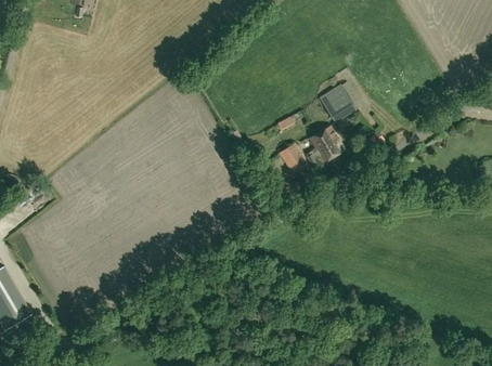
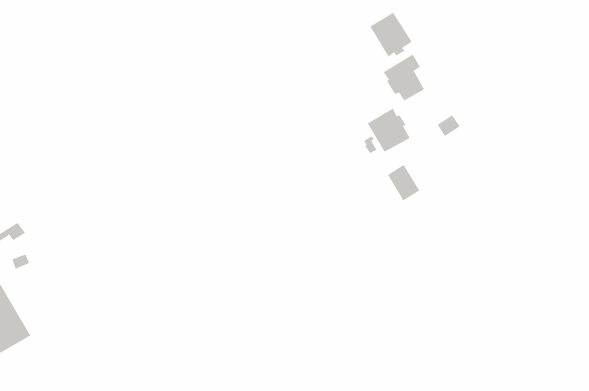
building: none -> [370,12,412,58]
building: [279,143,306,173] -> [387,164,420,201]

